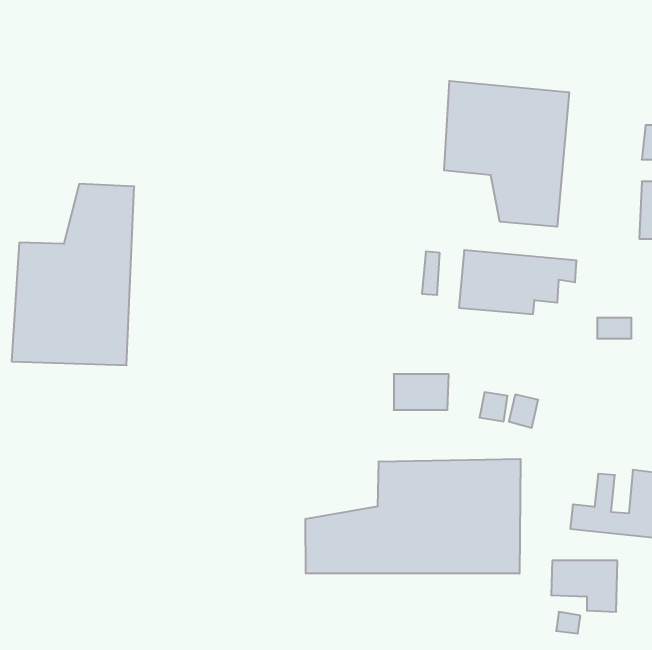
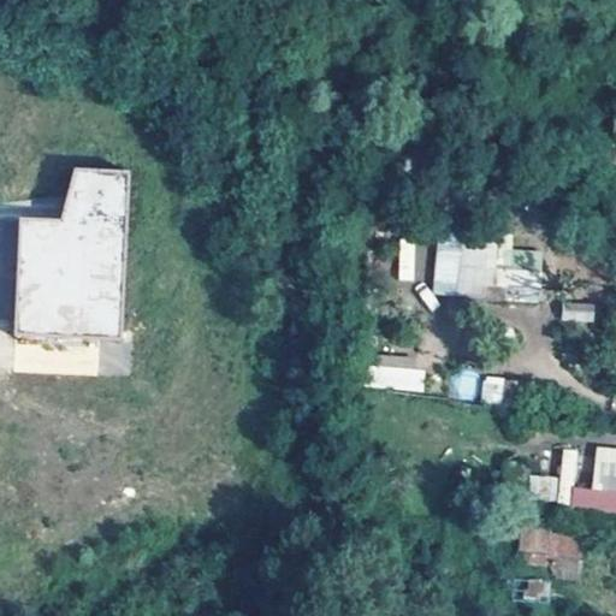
building: [444,81,569,227] -> none
building: [306,459,521,574] -> none

